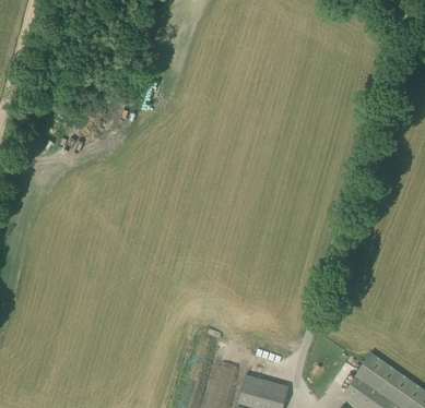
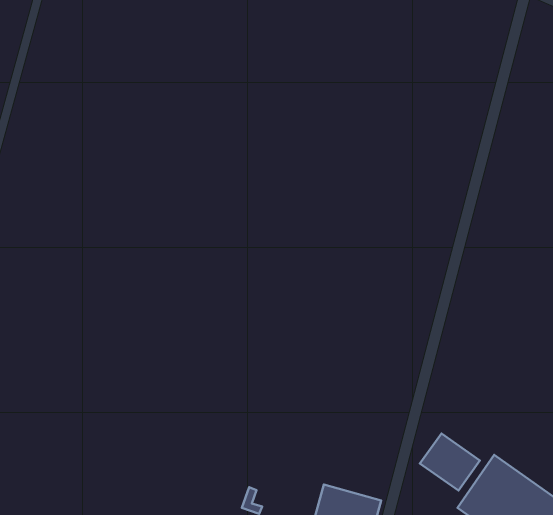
building: none -> [420,433,480,491]

